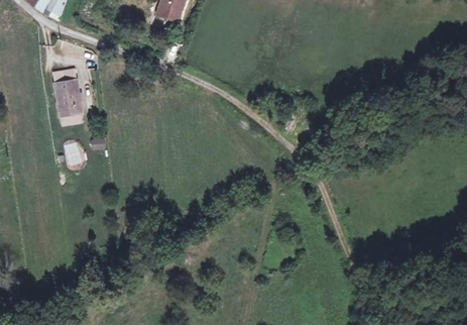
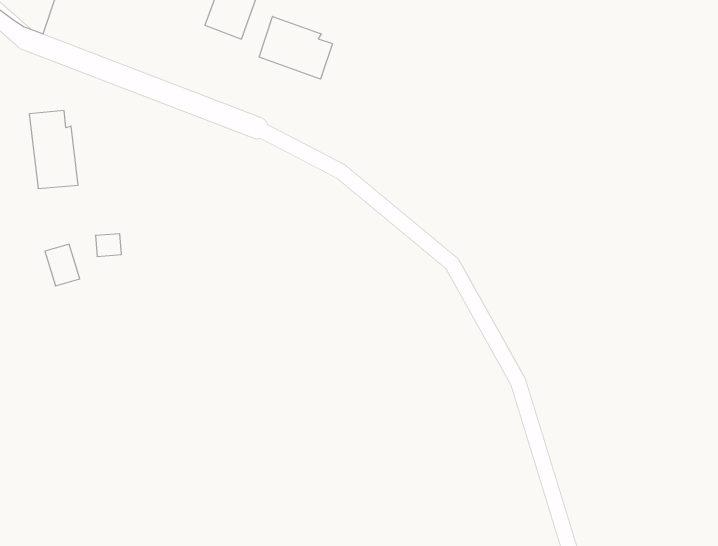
building: none -> [259,16,333,79]

